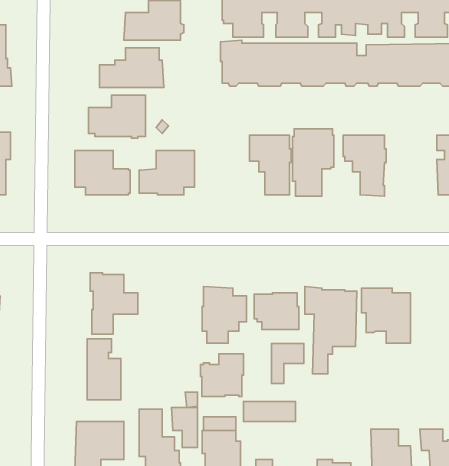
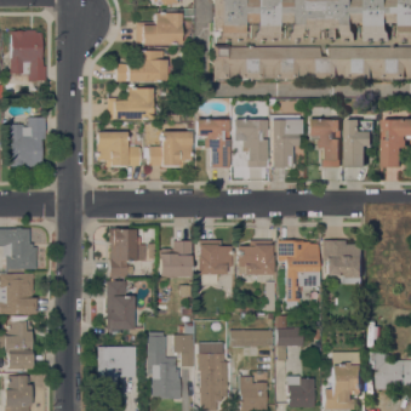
building: none -> [195,119,230,167]
building: none -> [346,119,376,167]
building: [272,344,304,383] -> [276,329,302,360]
building: [200,354,243,397] -> [158,241,192,275]

